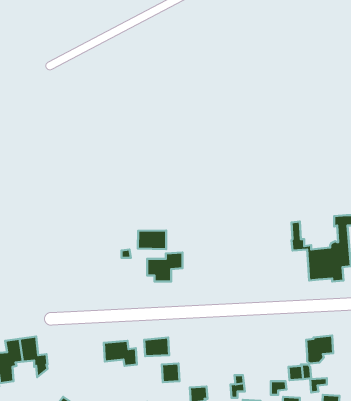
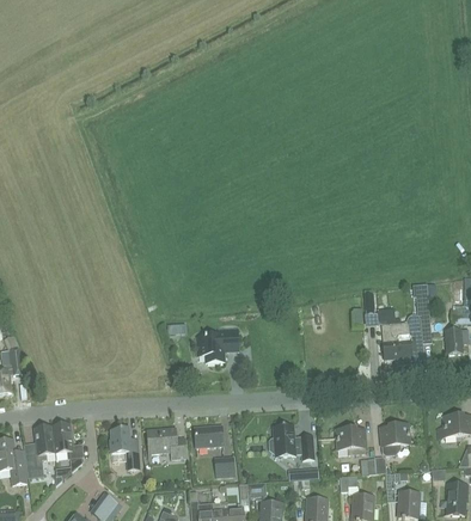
building: [138,230,166,249] -> none
building: none -> [269,425,313,460]
building: none -> [110,428,139,468]
building: none -> [335,428,366,454]

